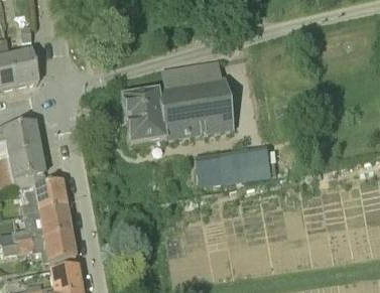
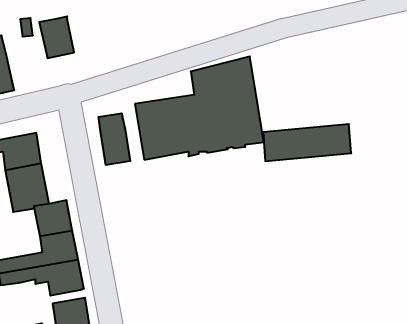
building: [9,48,39,85] -> [39,16,74,58]
building: none -> [98,113,130,165]
building: [200,150,276,182] -> [263,124,351,161]

